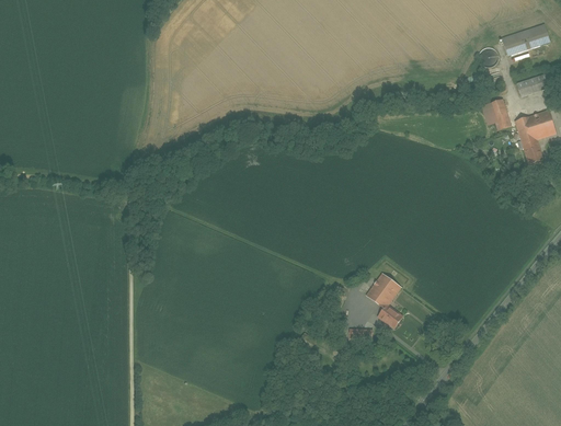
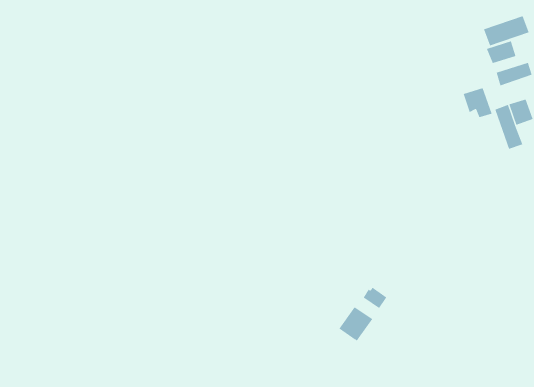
building: none -> [486,40,516,64]
building: [365,273,401,309] -> [338,306,373,341]

